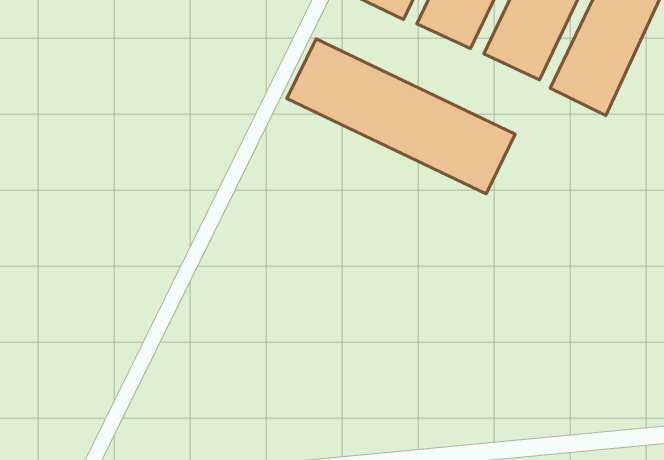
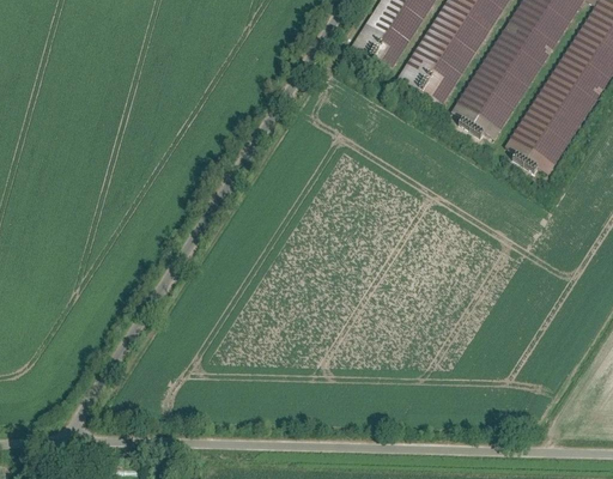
building: [287,39,515,194] -> none

